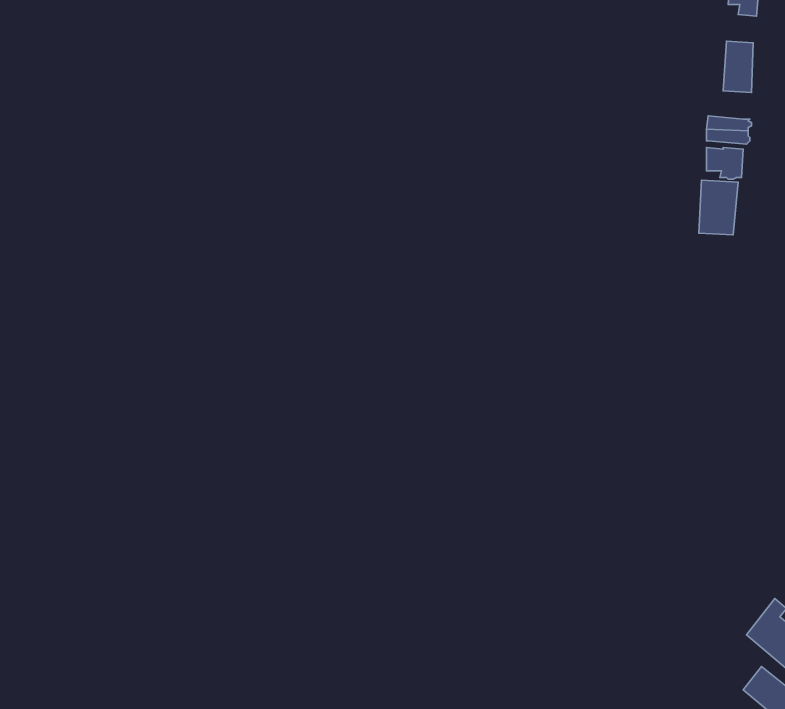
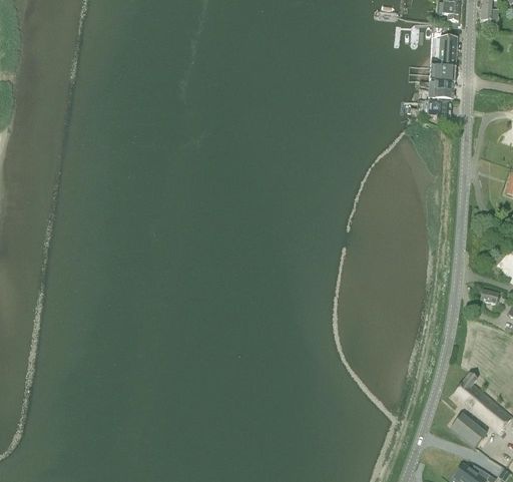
building: none -> [430,64,456,82]
building: [699,180,738,235] -> none

